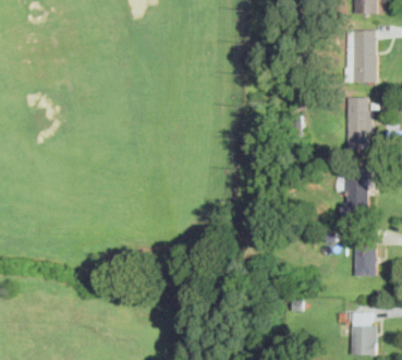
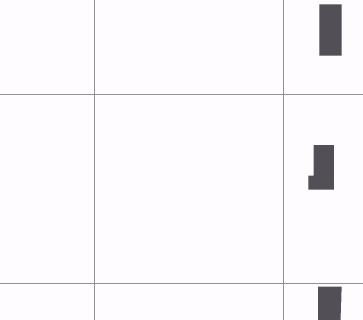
building: [348,98,370,149] -> none
building: [355,240,376,276] -> none

